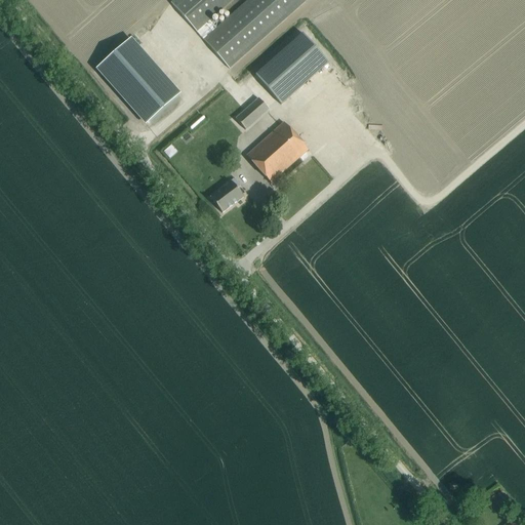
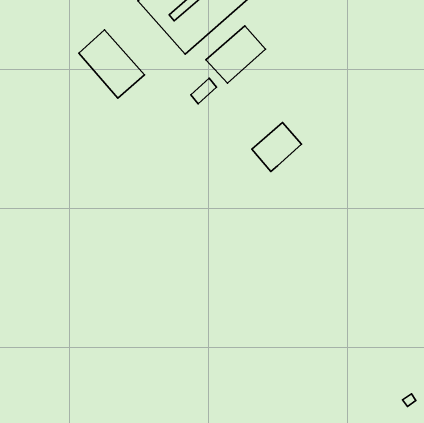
building: [246,121,308,181] -> [252,123,302,172]
building: [209,179,243,211] -> none

